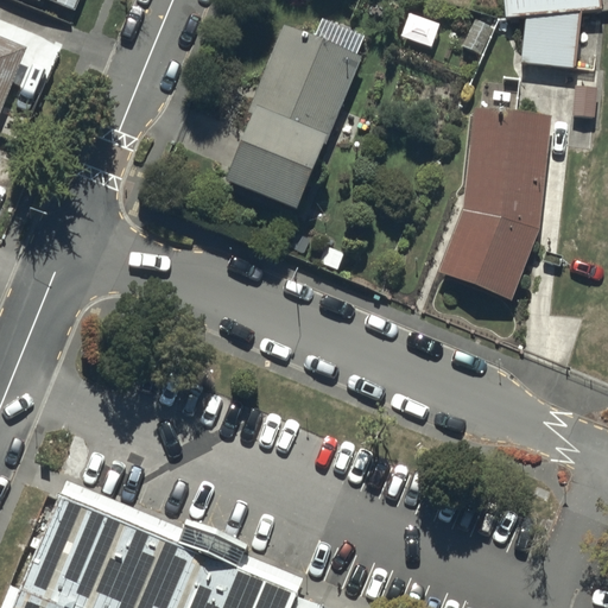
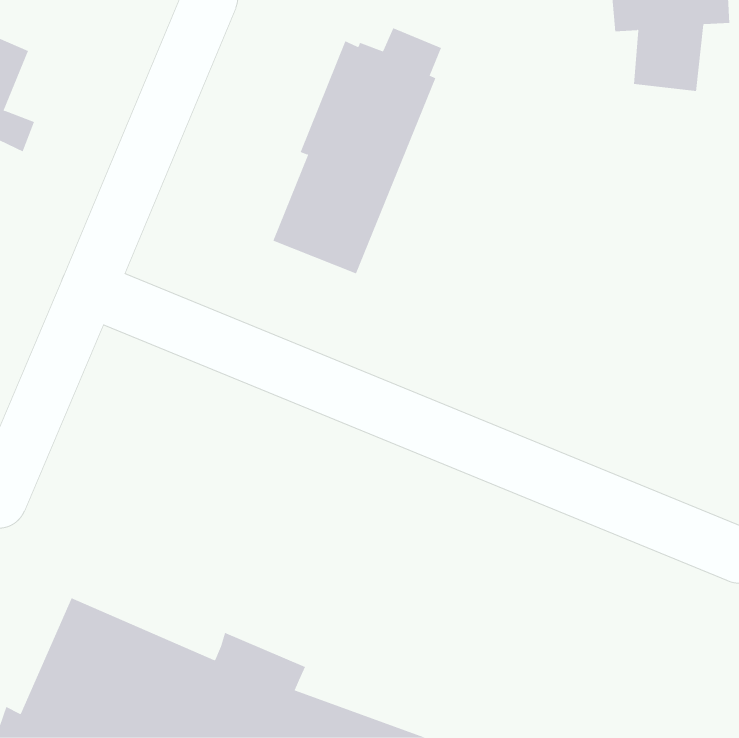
building: [435,115,547,310] -> none

